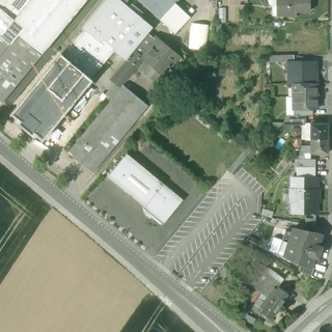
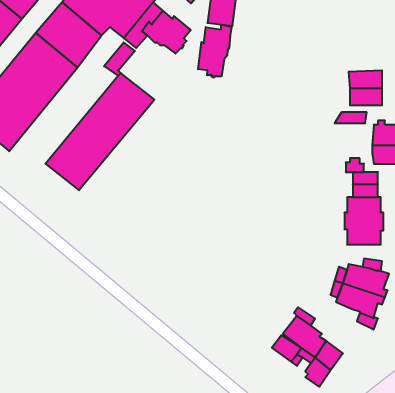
building: none -> [198,24,231,78]
building: [287,60,317,84] -> none
building: [107,153,183,223] -> none

